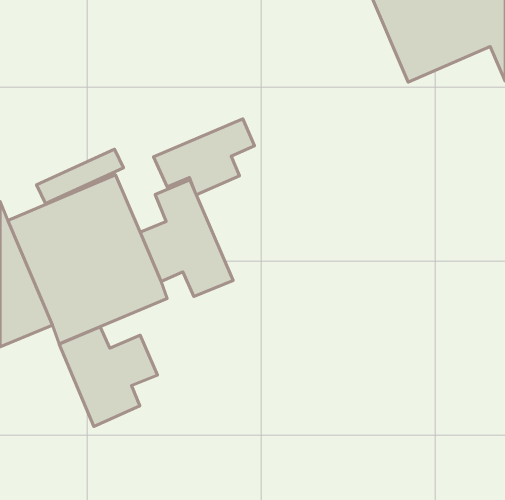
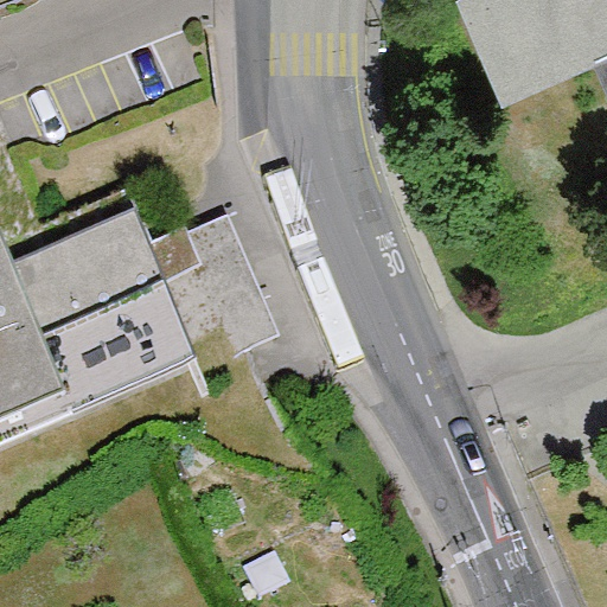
building: [154,119,254,195] -> none
building: [59,327,158,426] -> none

